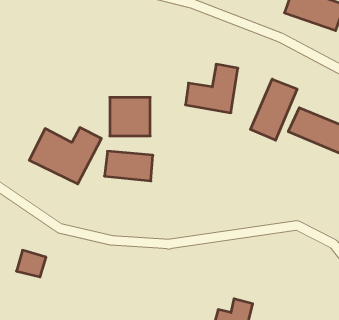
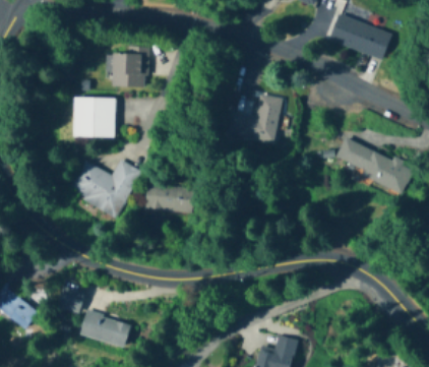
building: none -> [109,44,149,87]
building: [250,79,297,140] -> none
building: [110,97,150,136] -> [74,98,116,137]
building: none -> [80,311,132,346]

